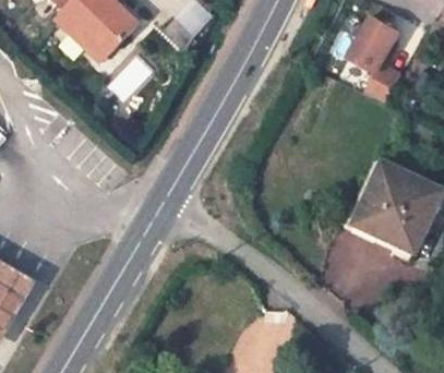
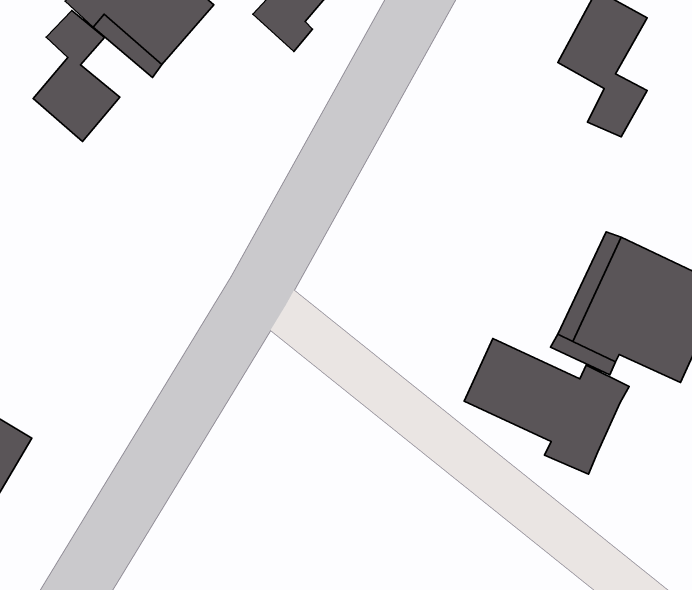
building: none -> [33,11,120,141]
building: none -> [464,339,629,474]

